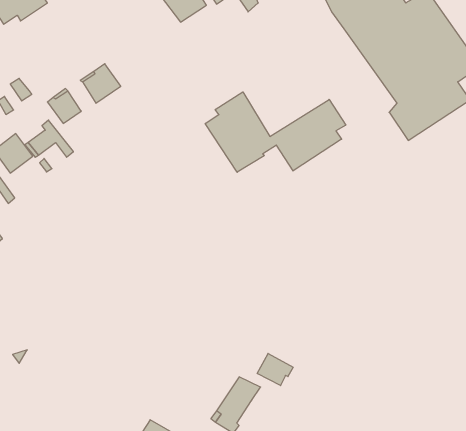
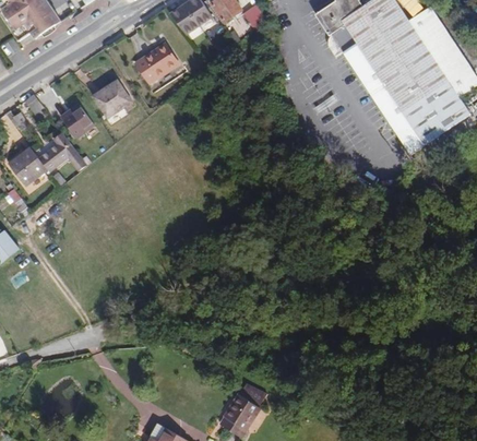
building: none -> [135,44,178,83]
building: [205,92,346,172] -> none
building: [257,353,293,386] -> none

